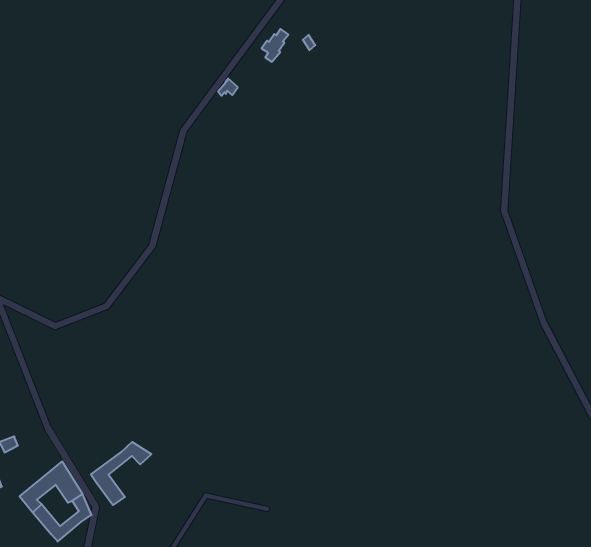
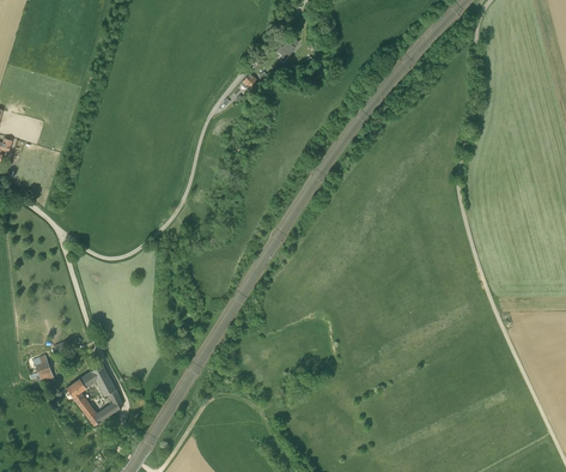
building: [91,442,151,505] -> none

